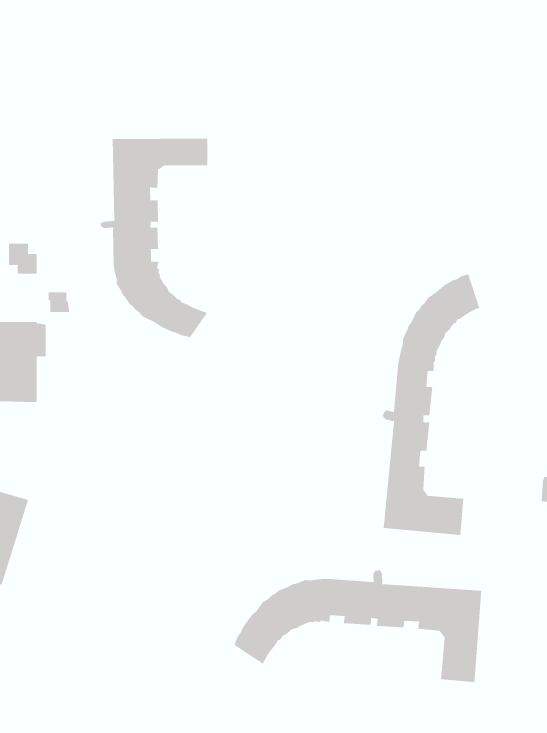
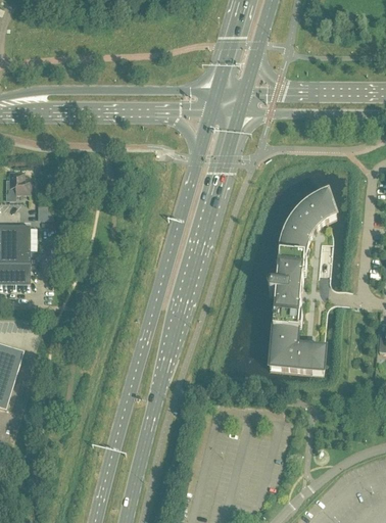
building: [99,138,208,339] -> none
building: [233,569,482,683] -> none

